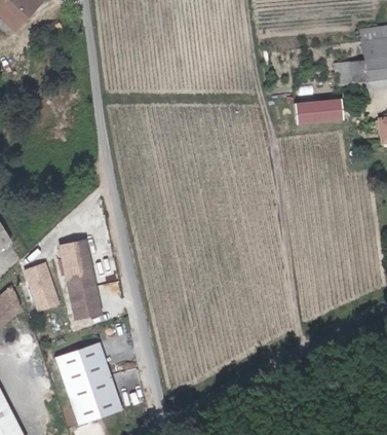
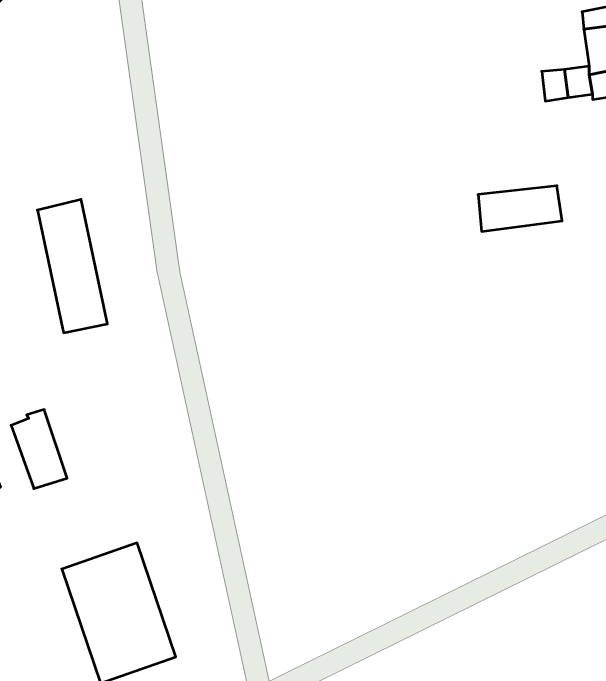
building: [297,96,346,122] -> [478,186,562,231]
building: [60,240,101,318] -> [37,199,107,333]

